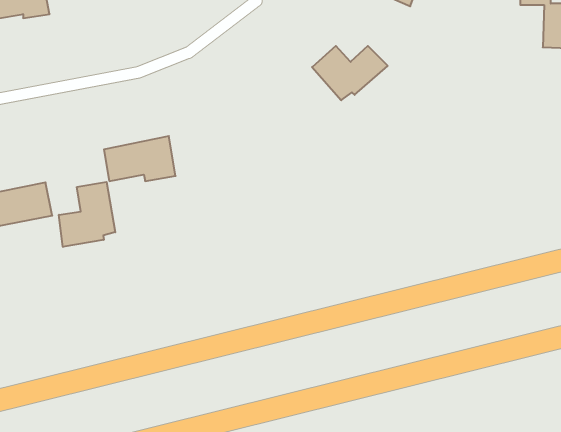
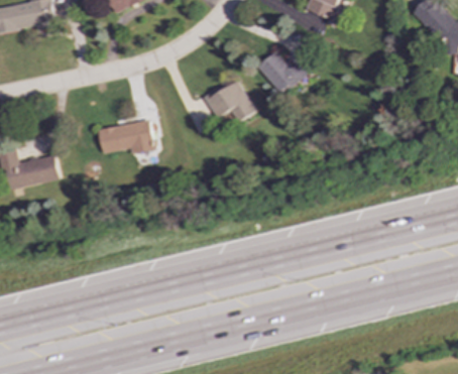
building: none -> [206,82,252,123]
building: [59,182,115,247] -> none

